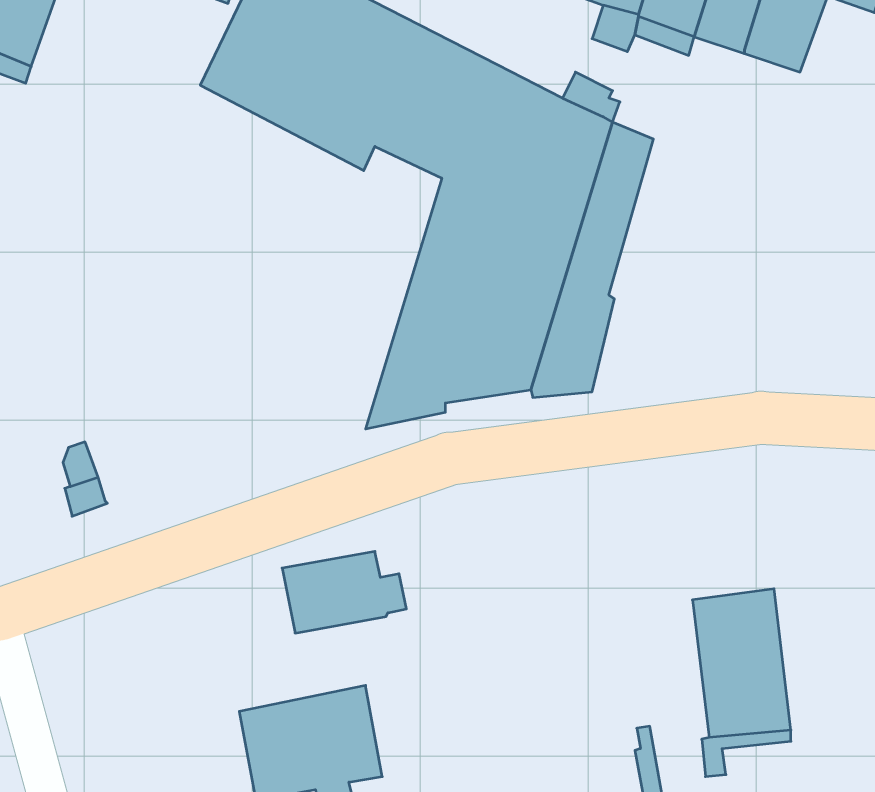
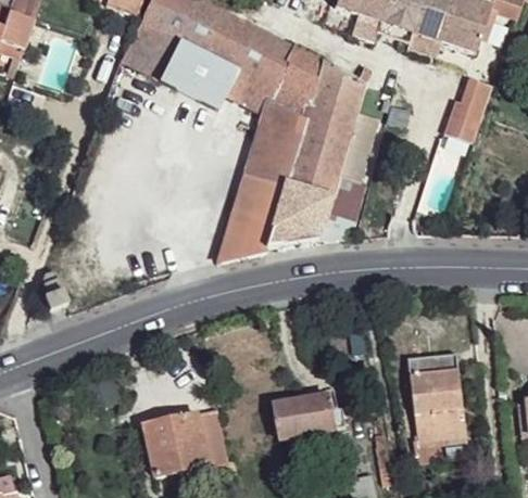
building: none -> [443,76,491,141]
building: [282,551,406,633] -> [274,393,347,440]

